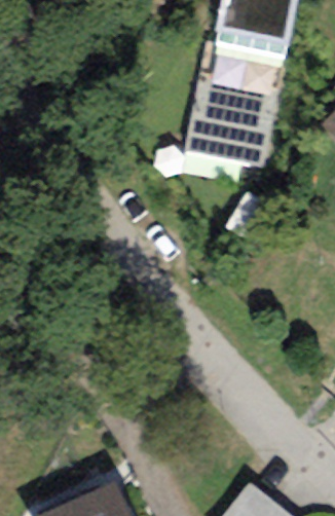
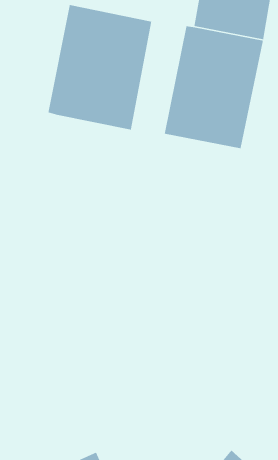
building: none -> [47,4,152,131]

